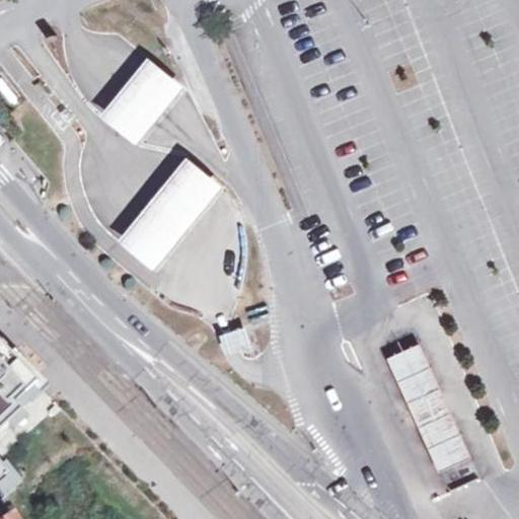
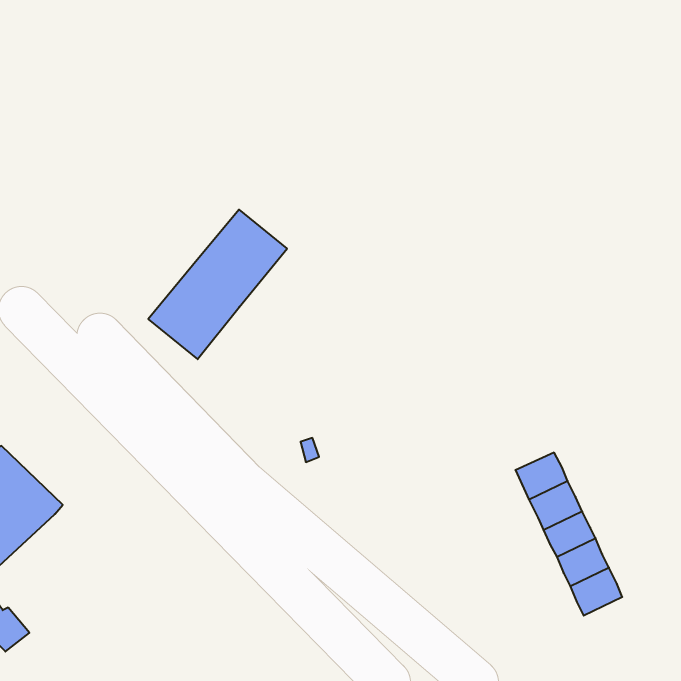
building: [96,61,179,148] -> none

